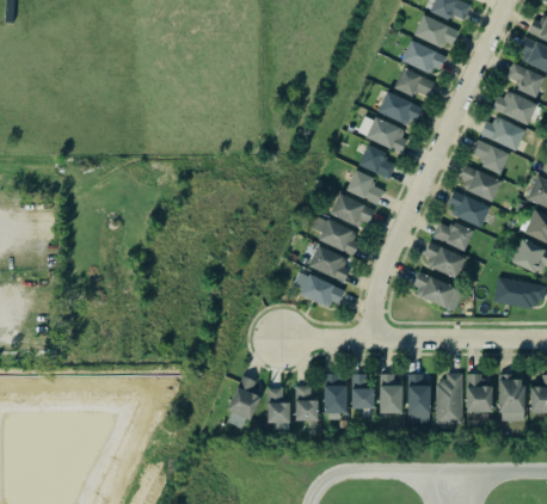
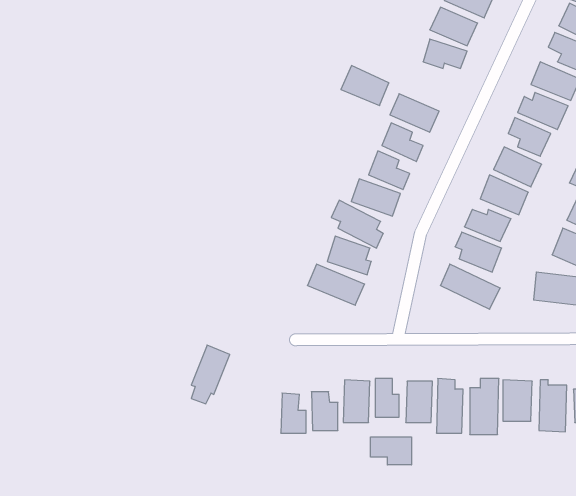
building: [377,91,420,127] -> [341,66,389,106]
building: [228,375,263,428] -> [191,345,230,404]
building: none -> [371,437,411,465]

